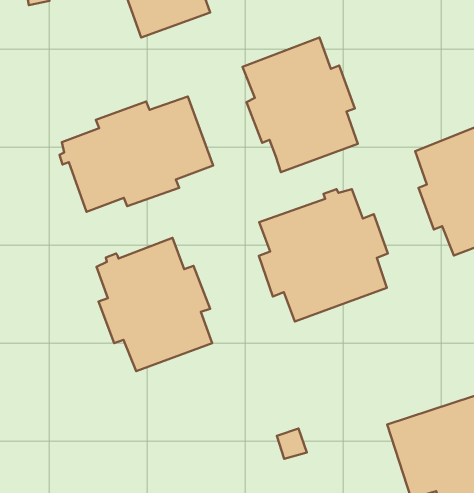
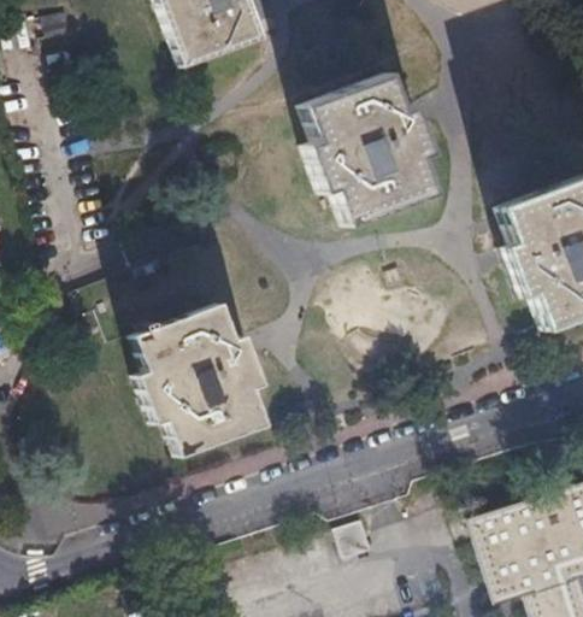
building: [59,96,213,212] -> none
building: [259,189,388,322] -> none

